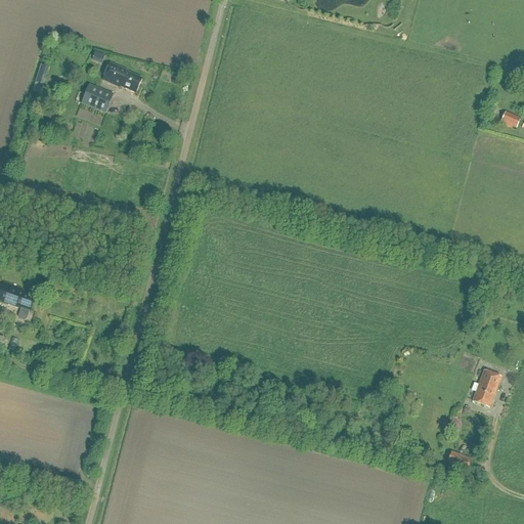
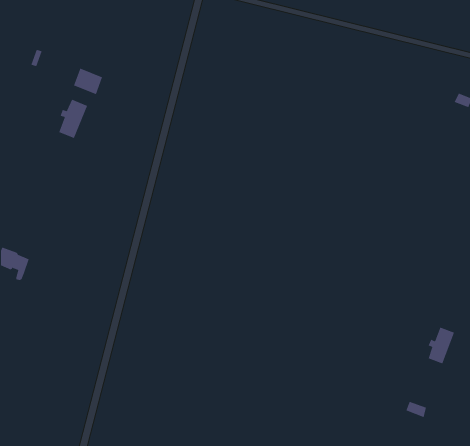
building: [101,60,141,91] -> none
building: none -> [58,99,88,139]

